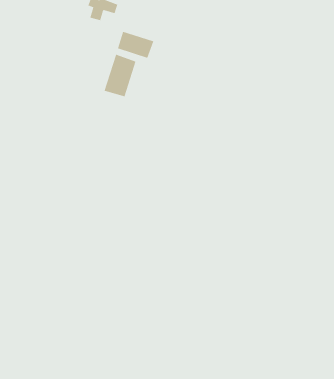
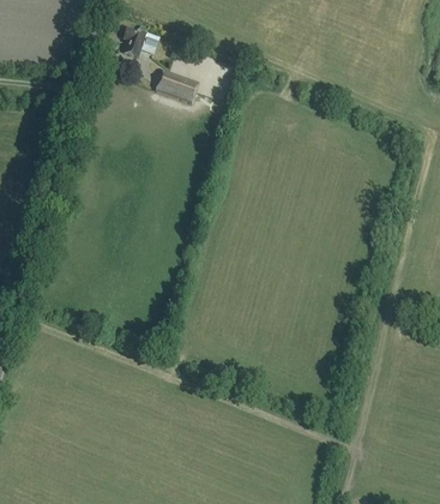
building: [104,54,136,97] -> none

